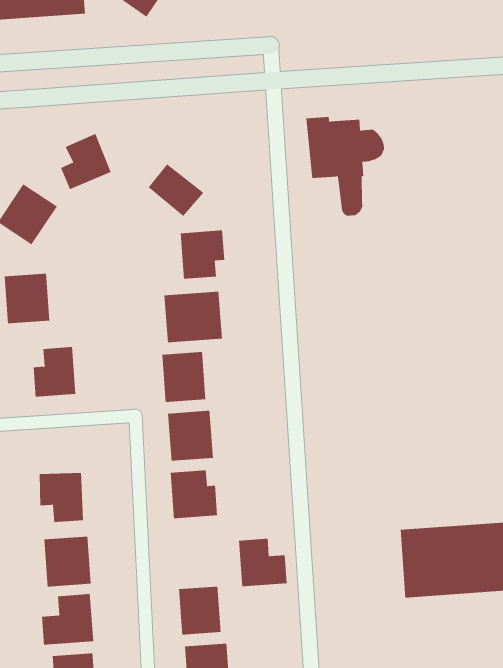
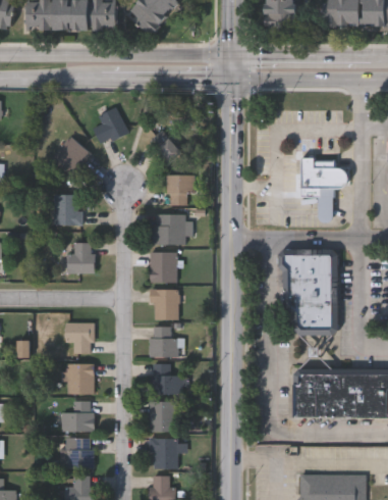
building: [306,116,385,216] -> [300,158,349,222]
building: none -> [280,254,338,336]
building: [238,538,288,587] -> [152,363,181,393]

